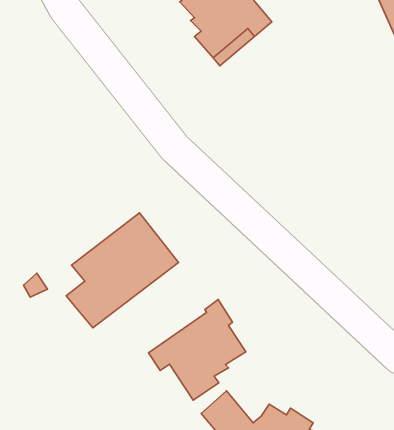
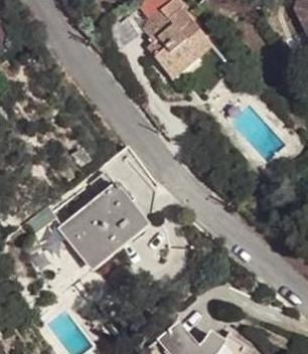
building: [148,300,246,400] -> none

